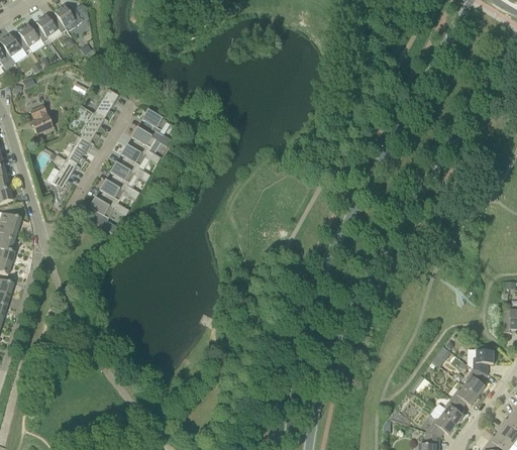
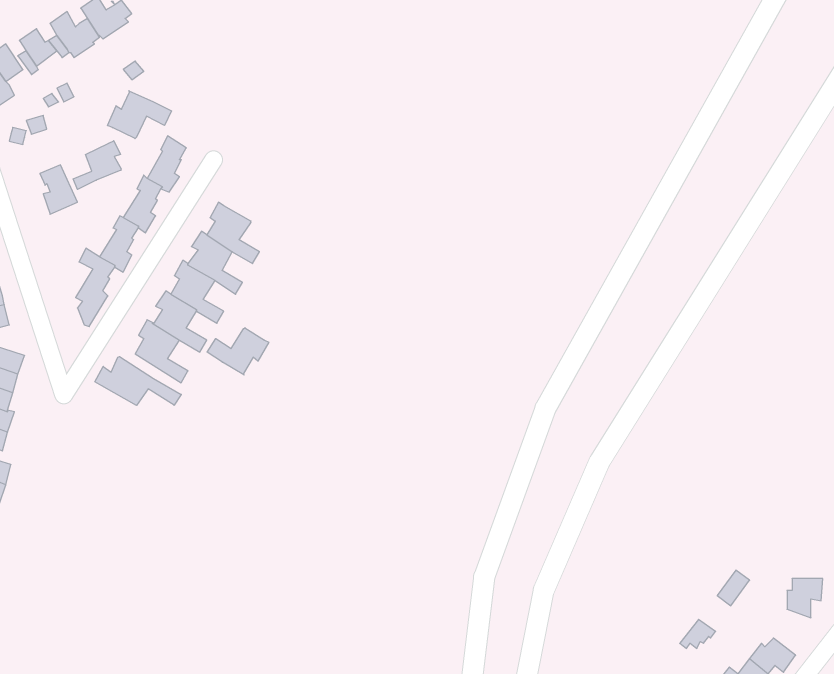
building: none -> [108,91,171,139]
building: none -> [73,141,121,189]
building: [139,108,172,145] -> none
building: none -> [207,328,269,375]
building: none -> [95,357,181,405]
building: [466,367,488,395] -> none

